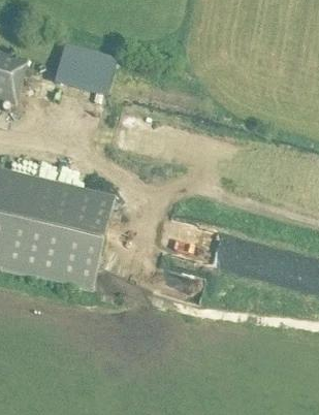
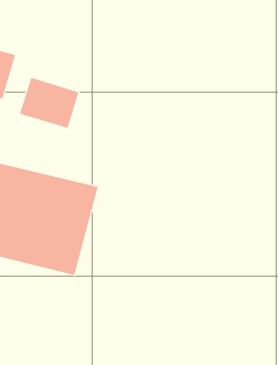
building: [54,39,117,93] -> [19,77,79,129]

